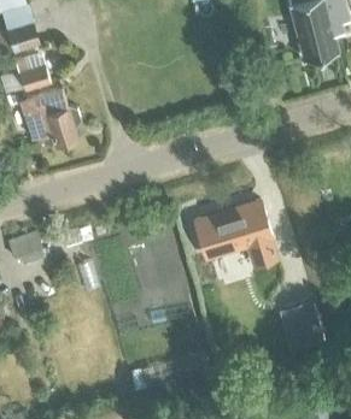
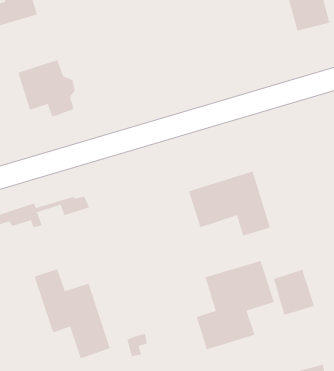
building: [16,52,49,89] -> none
building: none -> [196,260,274,350]
building: none -> [34,268,110,359]

